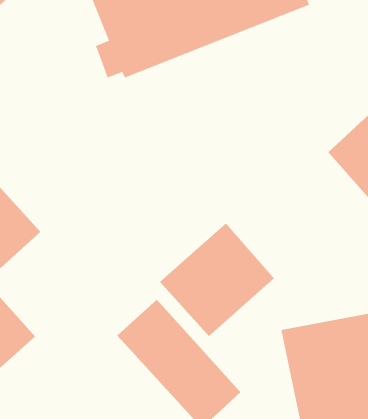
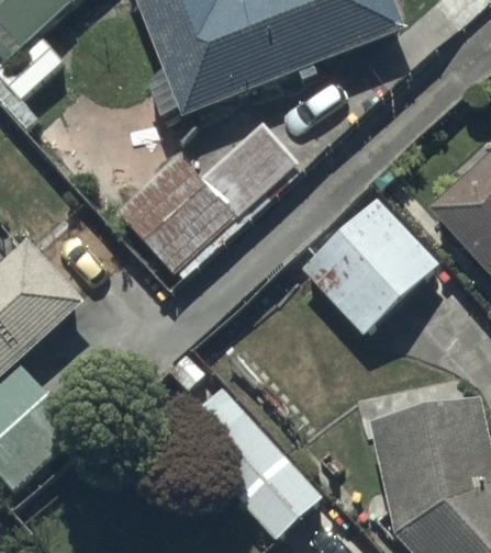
building: none -> [118,125,298,274]
building: [159,222,275,337] -> [302,198,440,335]

